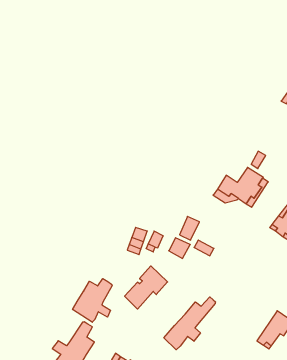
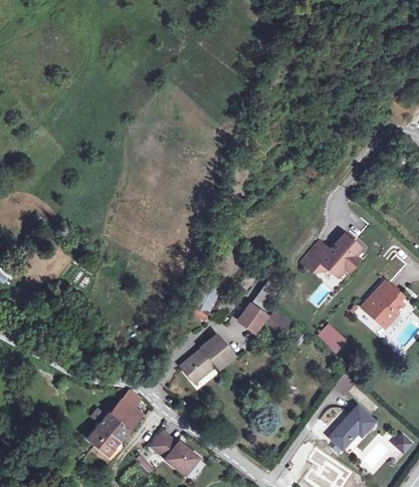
building: none -> [319,323,350,353]
building: [73,279,112,322] -> none
building: [164,297,215,350] -> none

